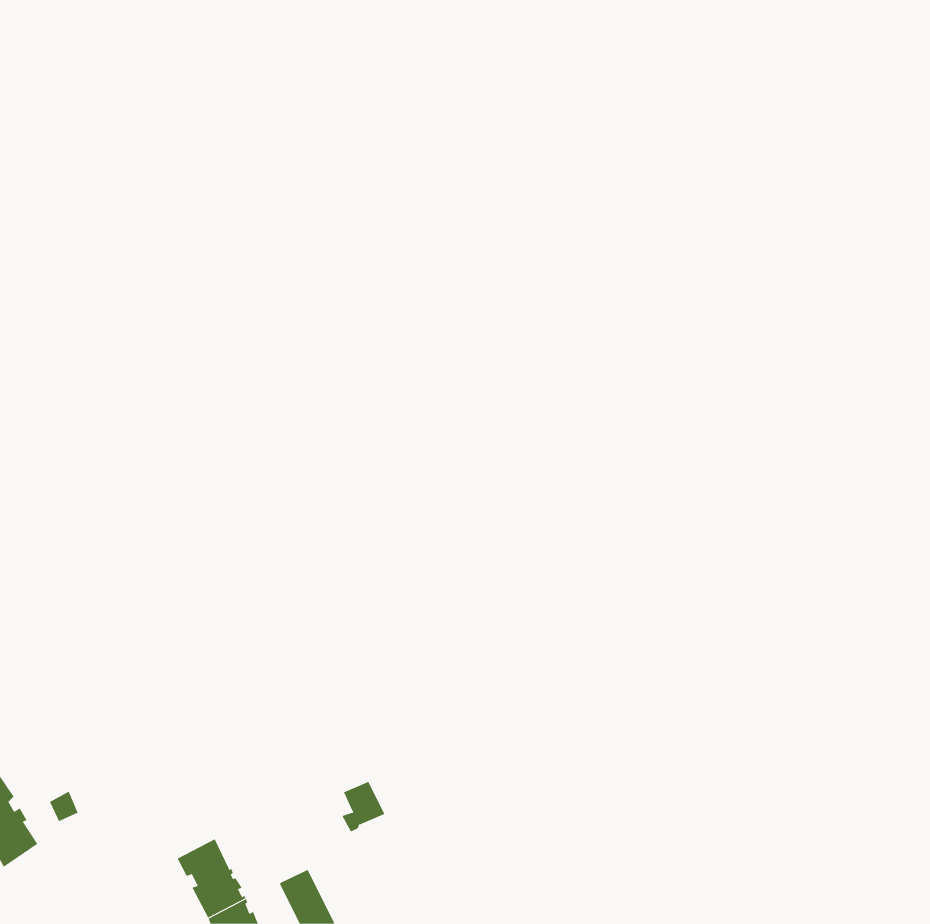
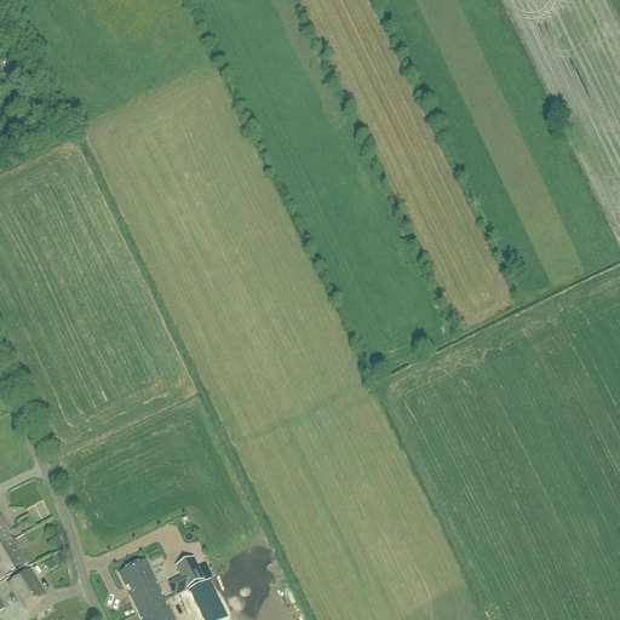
building: [341,781,385,832] -> [174,556,203,590]
building: none -> [7,568,44,605]

